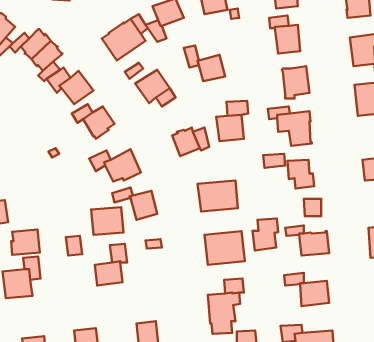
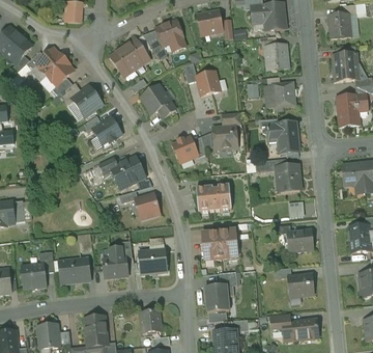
building: [91,207,124,235] -> [139,249,168,274]
building: [252,219,278,250] -> none
building: [11,230,40,255] -> [62,260,88,282]

